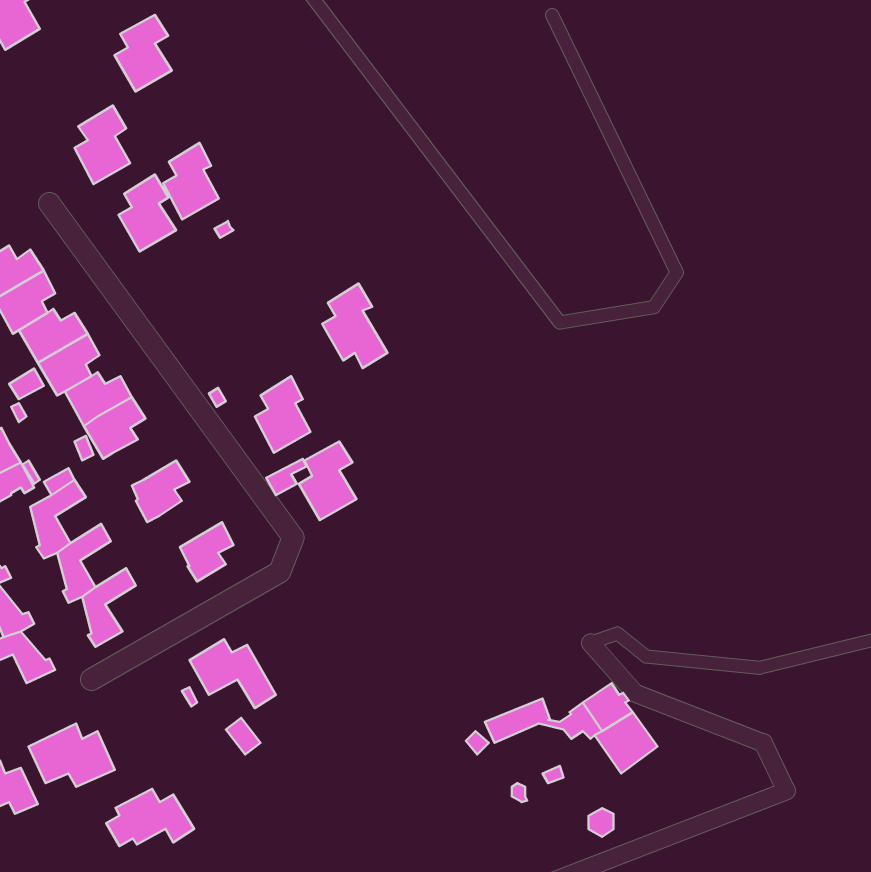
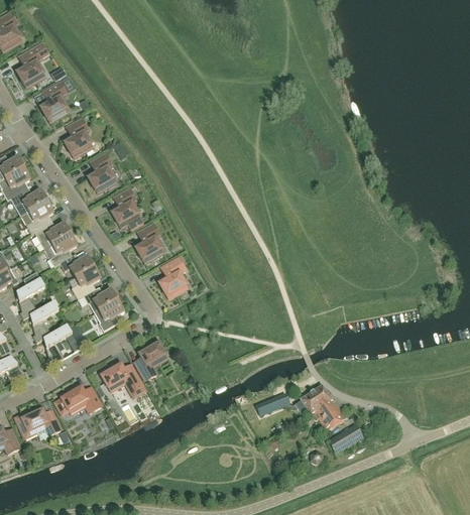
building: [114,15,172,92] -> [16,46,46,87]
building: [163,143,219,220] -> [88,152,117,192]
building: [322,284,387,368] -> [111,187,145,232]
building: none -> [61,254,94,277]
building: none -> [85,286,118,312]
building: none -> [135,339,168,380]
building: none -> [329,423,364,454]
building: [106,789,194,846] -> [55,384,102,414]

